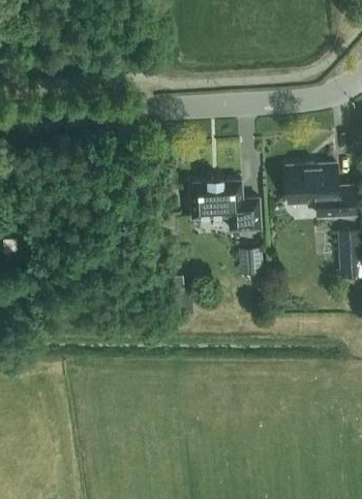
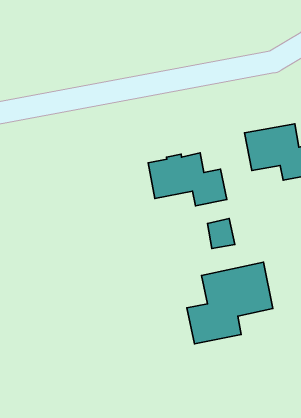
building: none -> [187,262,273,344]

